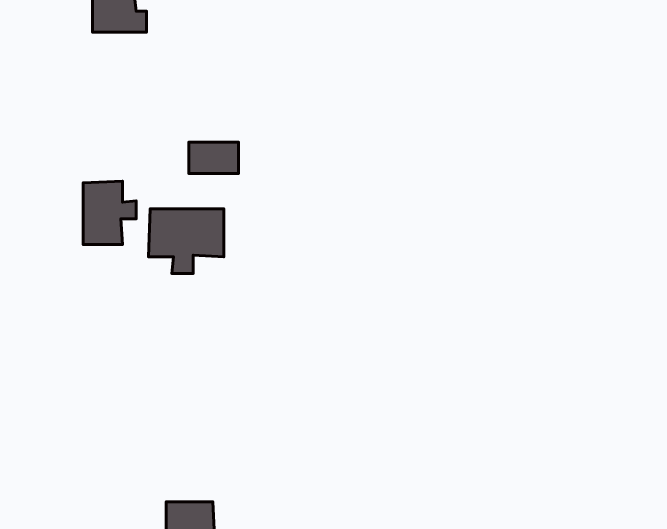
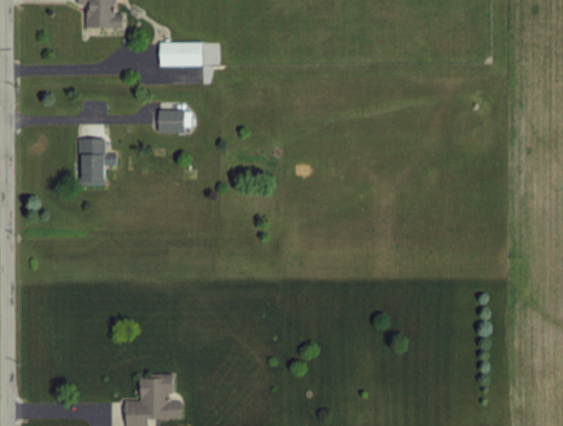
building: none -> [158,41,201,66]
building: [148,209,224,273] -> none

